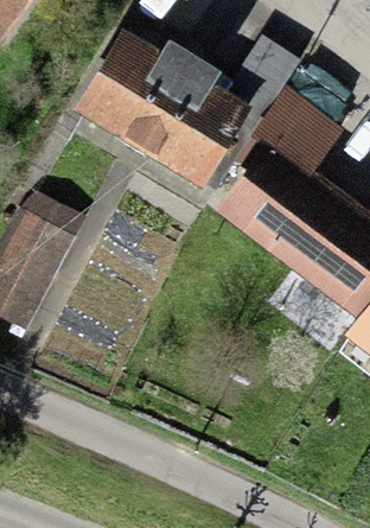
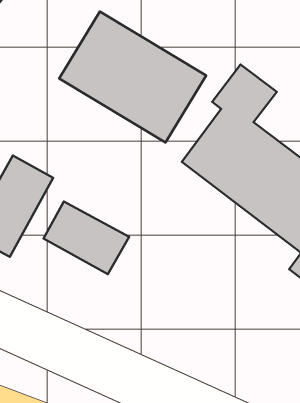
building: none -> [44,202,129,274]

